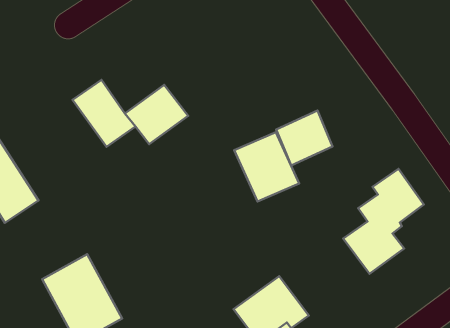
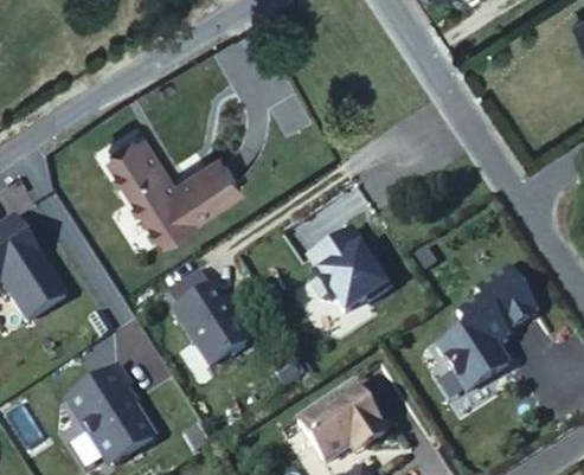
building: [276,110,333,166] -> none
building: none -> [149,203,201,249]
building: none -> [163,265,252,361]

